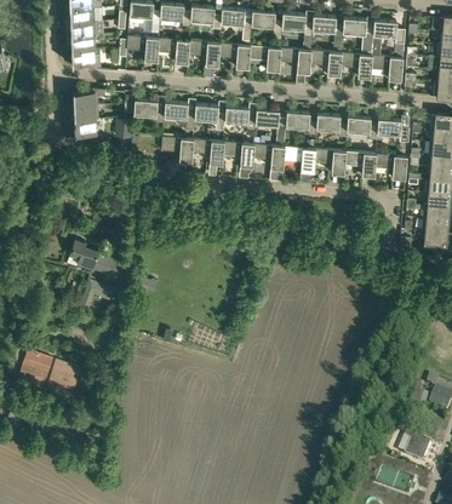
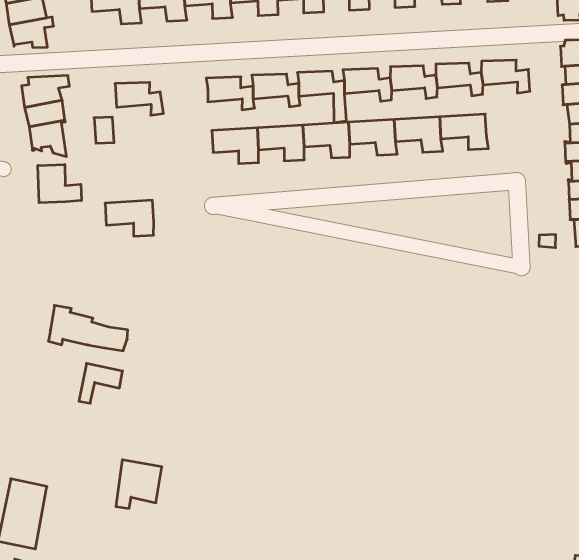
building: [165,102,196,130] -> none
building: [162,137,195,162] -> [105,200,154,236]
building: none -> [38,164,81,203]
building: [376,154,407,179] -> none
building: [47,360,81,393] -> [116,460,162,508]

